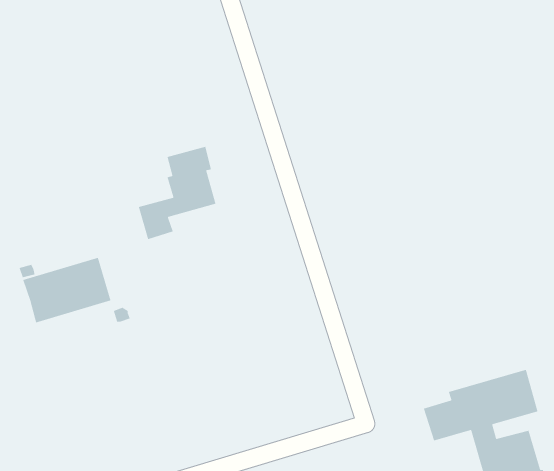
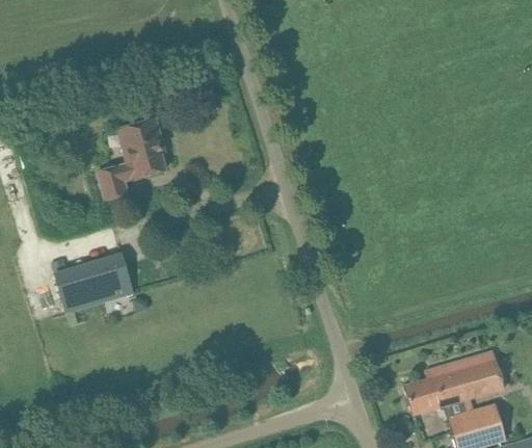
building: [138,146,217,240] -> [97,118,165,201]

